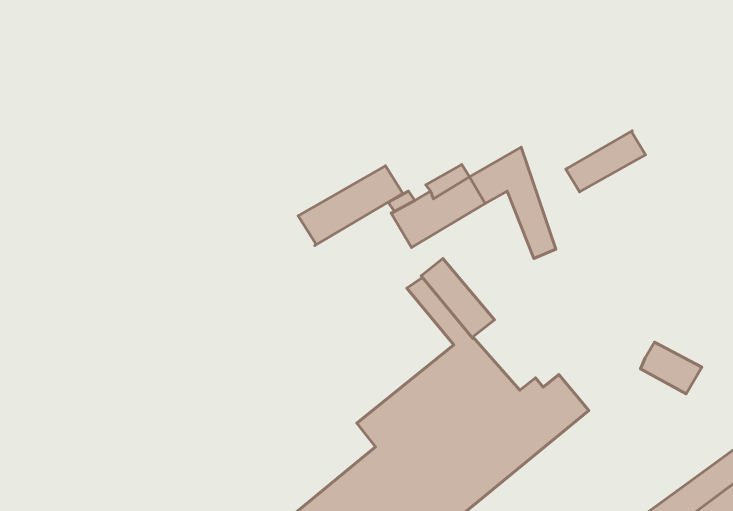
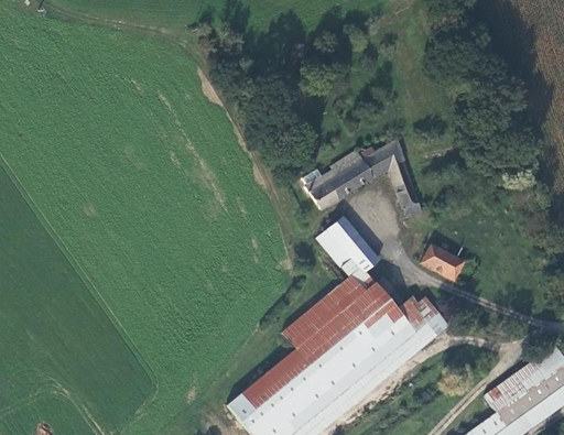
building: [566,131,645,192] -> none
building: [298,166,403,246] -> none
building: [641,342,702,394] -> [422,244,465,281]

